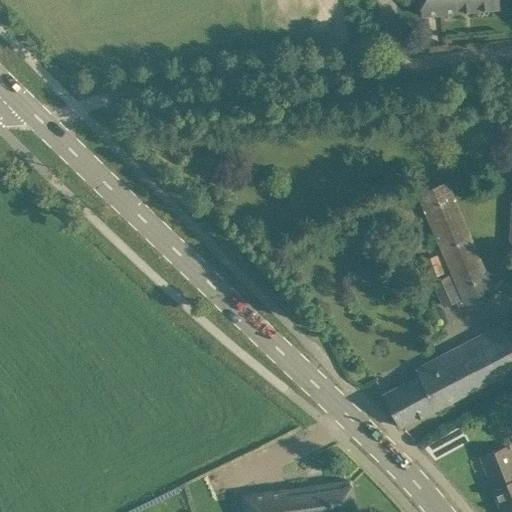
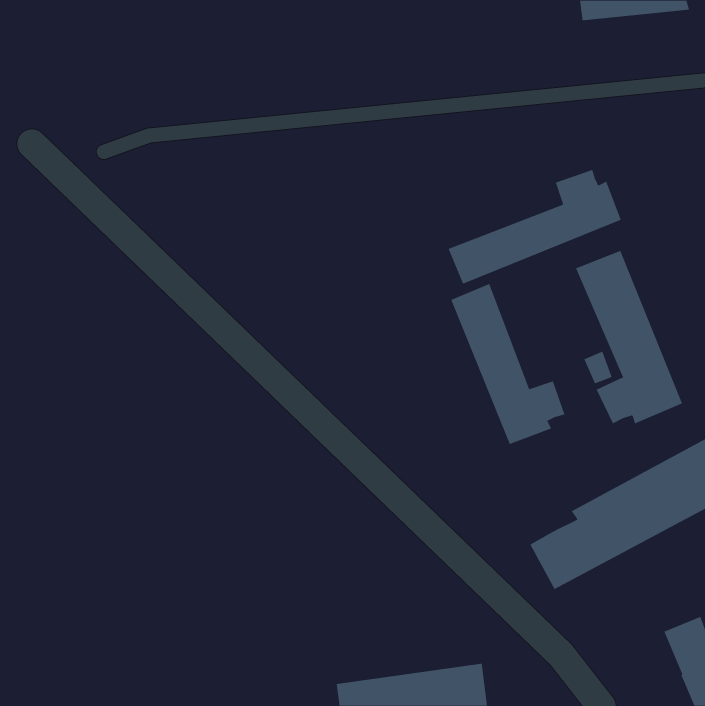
building: none -> [448,169,621,284]
building: none -> [450,283,565,445]

